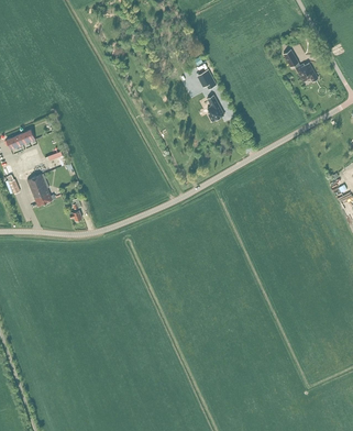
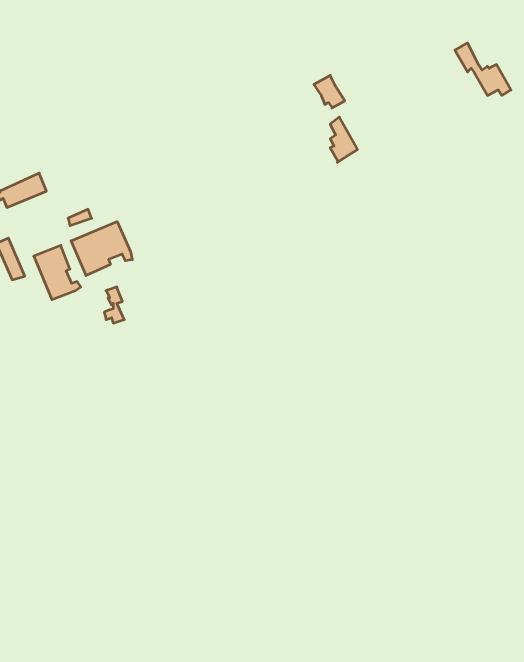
building: none -> [71,222,132,276]

